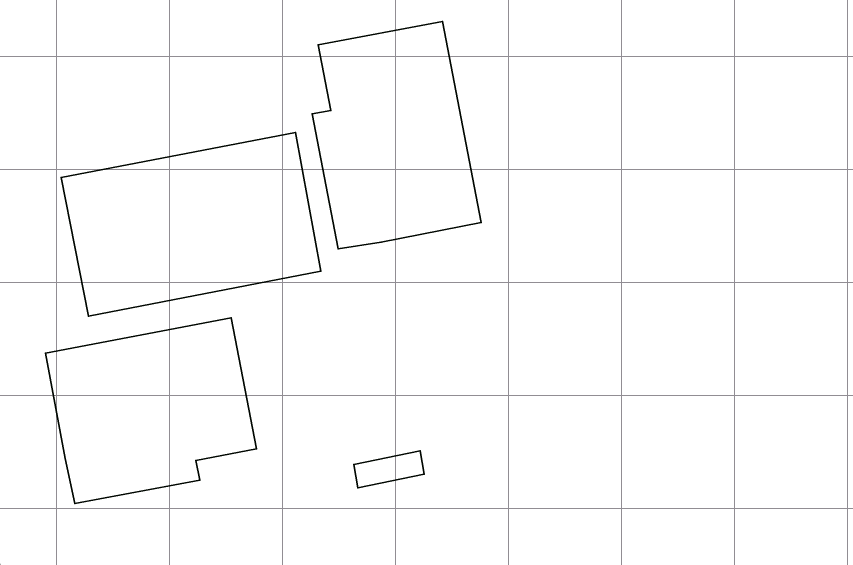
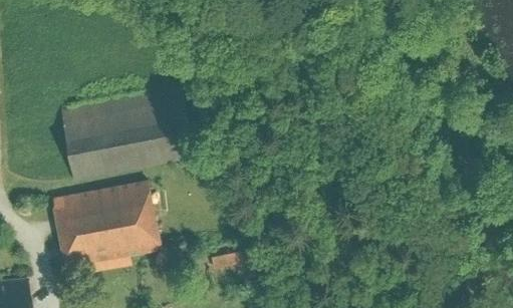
building: [312,22,481,249] -> none

